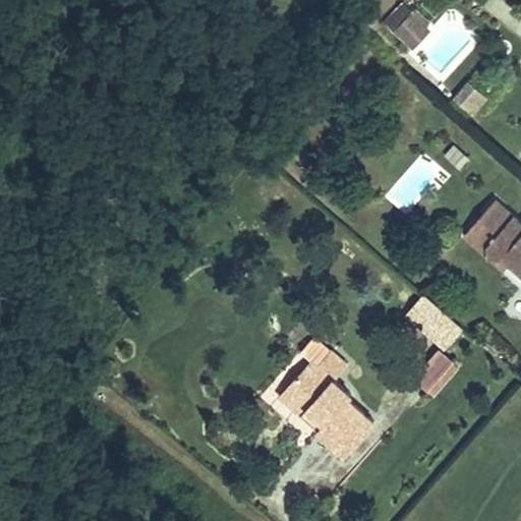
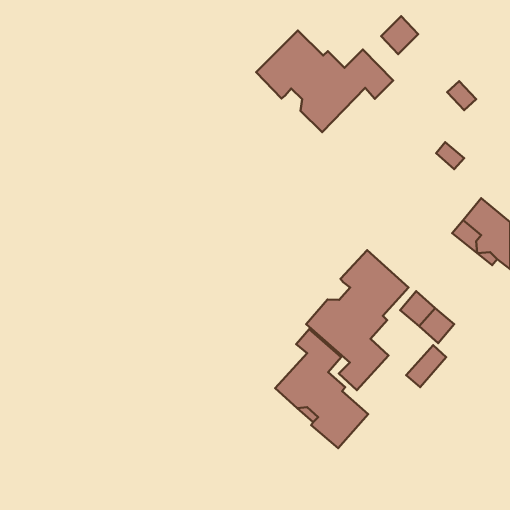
building: none -> [256,30,393,132]
building: none -> [306,250,408,390]

